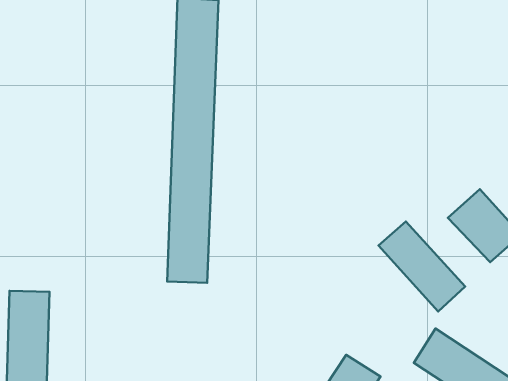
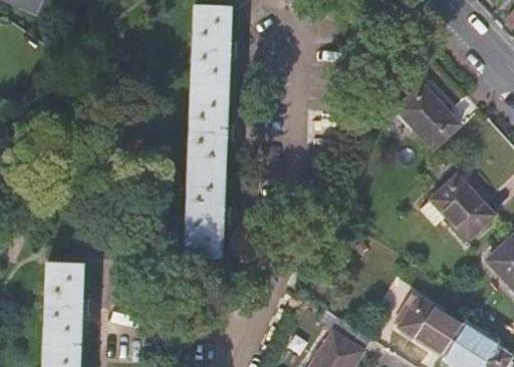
building: none -> [398,85,460,148]
building: [379,222,465,311] -> none

